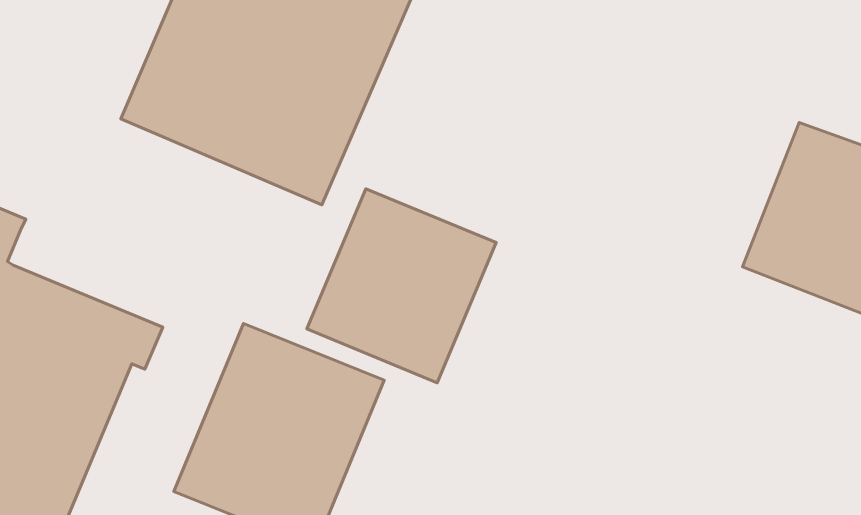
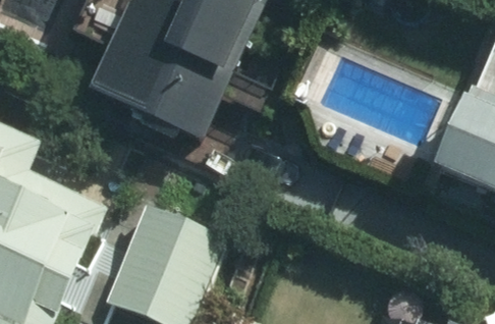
building: [307,189,496,383] -> none

